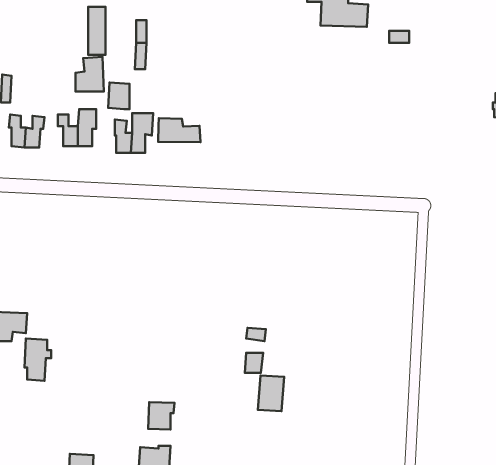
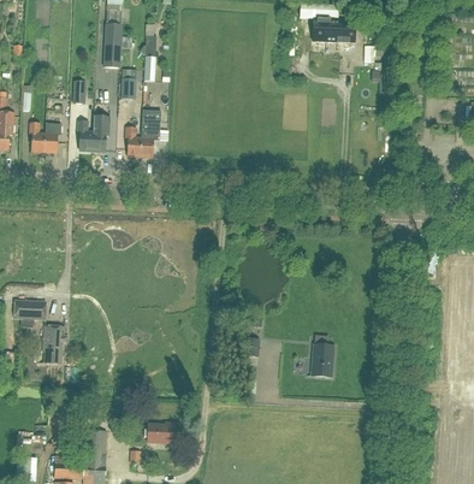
building: [75,57,104,92] -> none
building: [158,118,201,142] -> none
building: [258,375,284,411] -> [310,344,334,377]
building: [148,402,174,429] -> none

